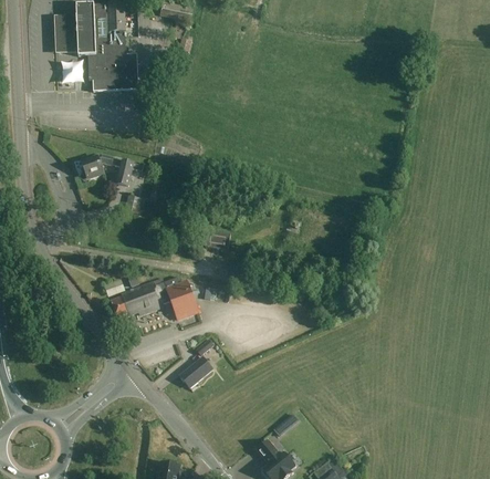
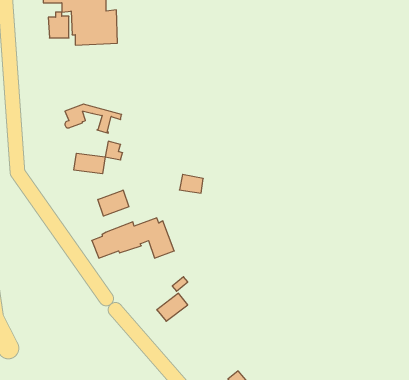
building: none -> [74,153,105,174]
building: none -> [98,190,129,216]

